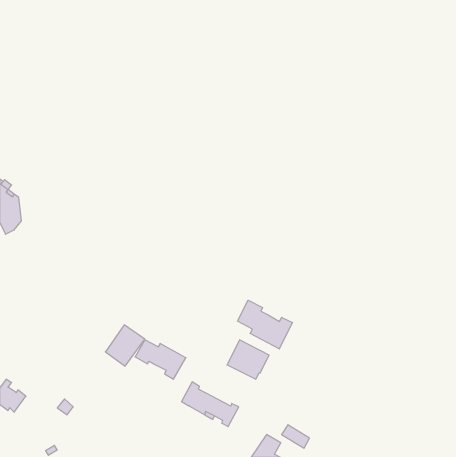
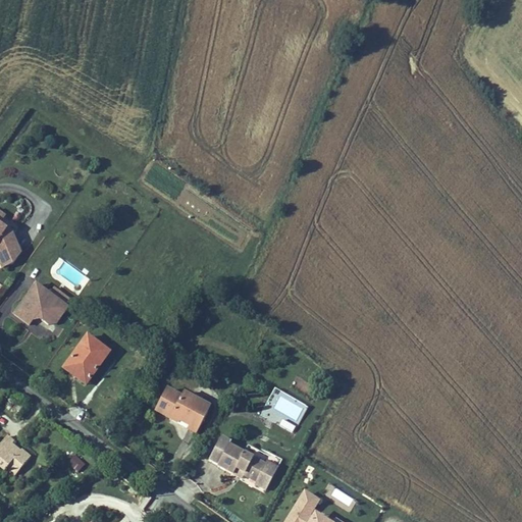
building: none -> [16,281,70,323]
building: [238,300,292,349] -> none
building: [105,325,145,366] -> [64,335,109,382]

